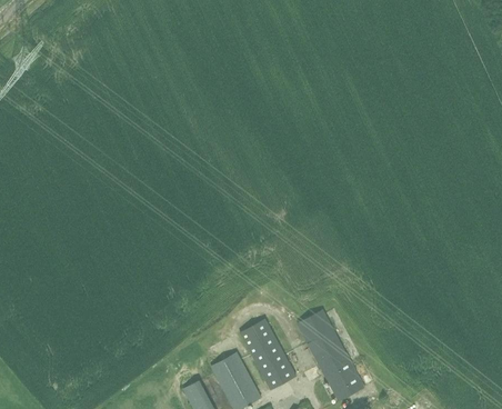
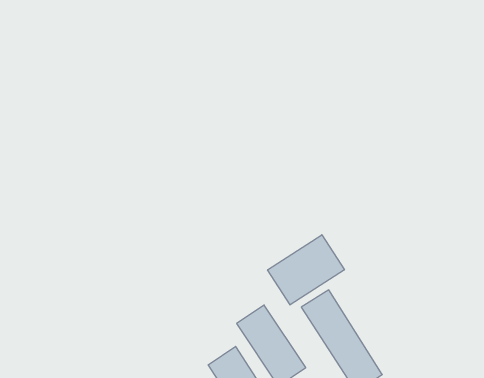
building: none -> [268,235,344,305]

